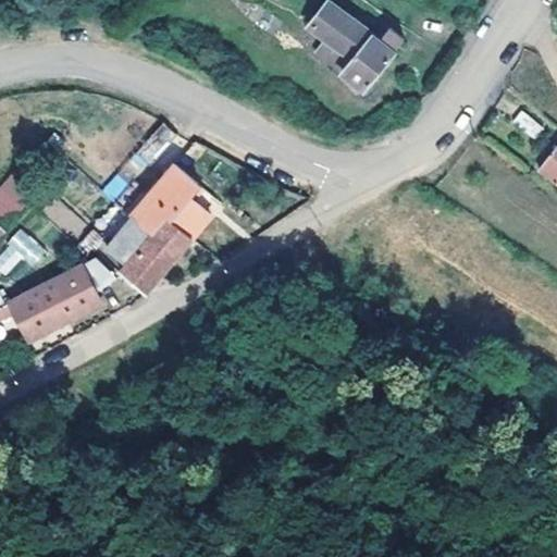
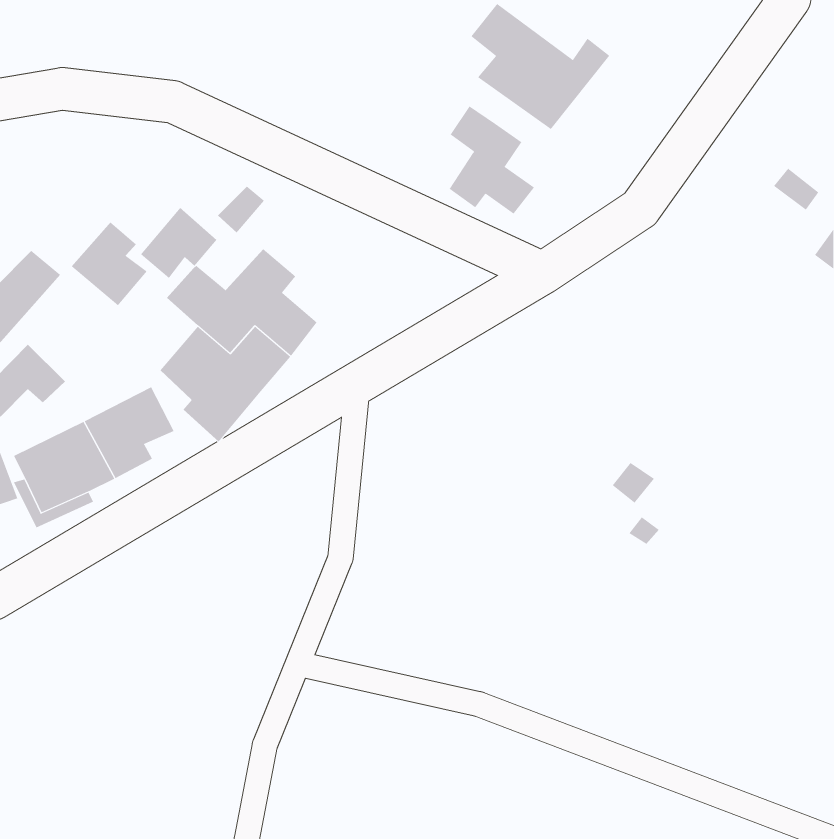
building: none -> [449,105,535,214]
building: none -> [140,207,217,279]
building: none -> [71,222,148,306]

